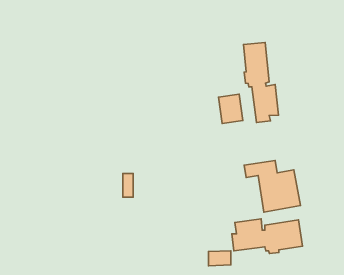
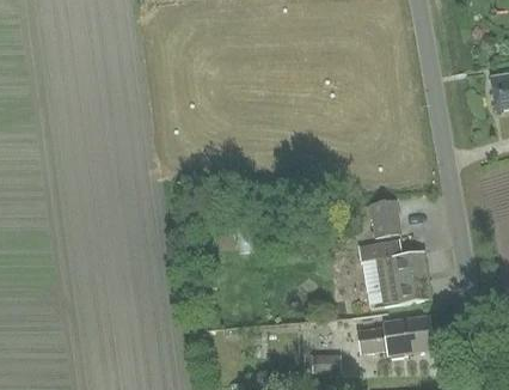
building: [244,43,279,123] -> none
building: [218,94,243,123] -> [372,199,403,236]

